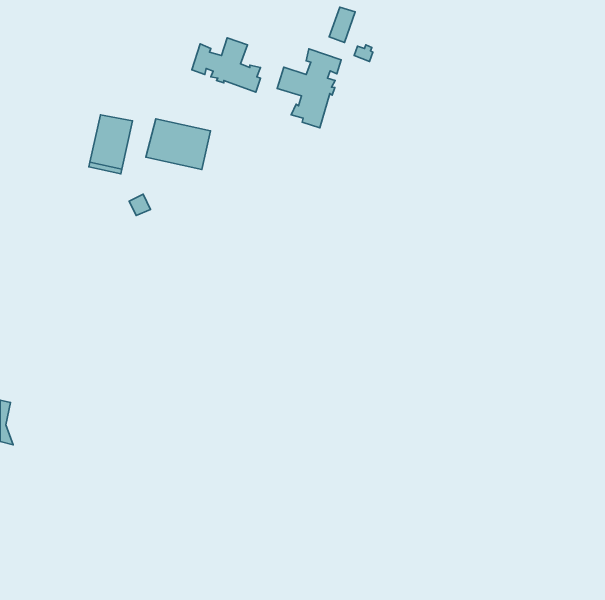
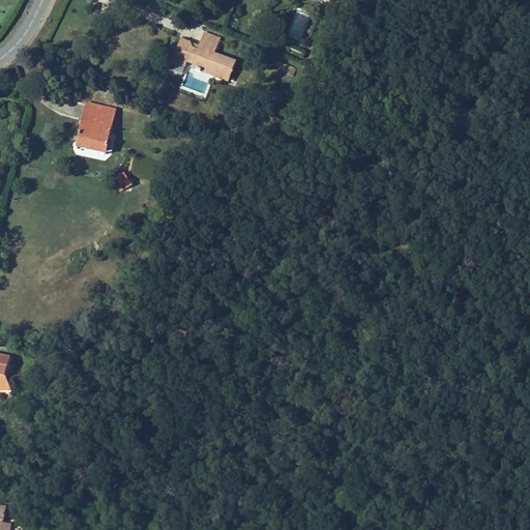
building: [277,49,341,128] -> none
building: [146,119,211,170] -> none

